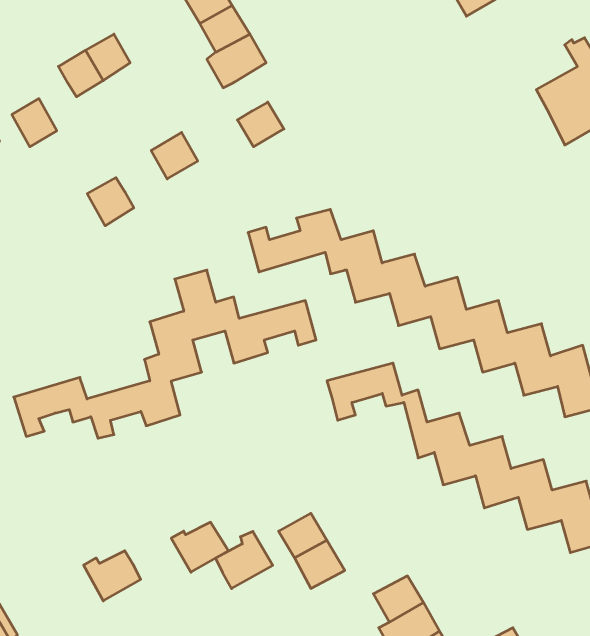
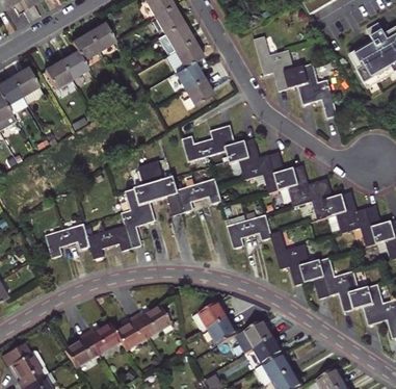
building: none -> [254,35,337,118]
building: none -> [174,40,203,68]
building: [151,132,198,179] -> [185,78,212,105]
building: [87,178,134,226] -> [60,51,87,79]
building: [215,531,273,589] -> [115,316,149,349]
building: none -> [244,320,274,348]
building: none -> [65,332,98,366]

